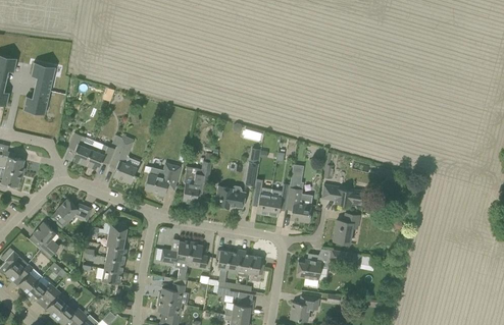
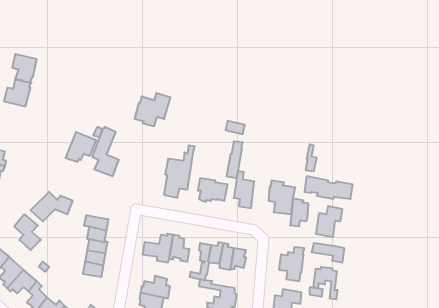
building: [69,131,95,165] -> none
building: [145,163,181,196] -> [135,93,170,126]
building: [269,188,288,216] -> [290,198,308,226]
building: none -> [313,267,338,300]

